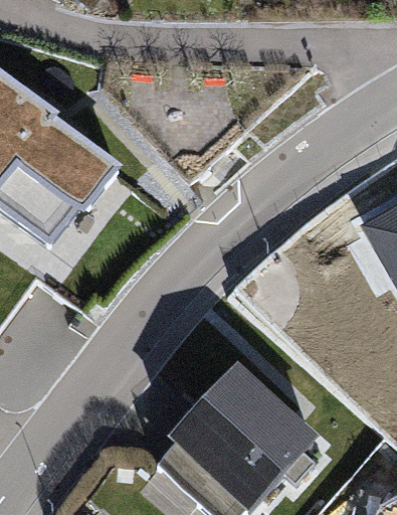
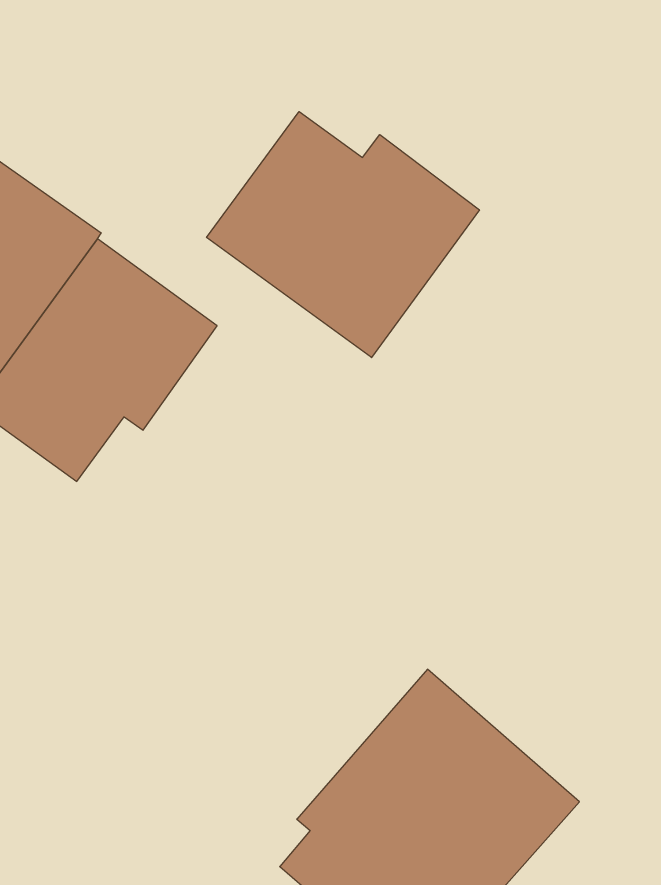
building: none -> [207,112,479,358]

